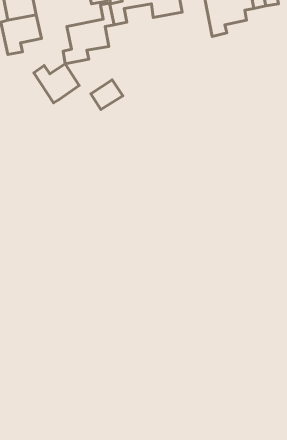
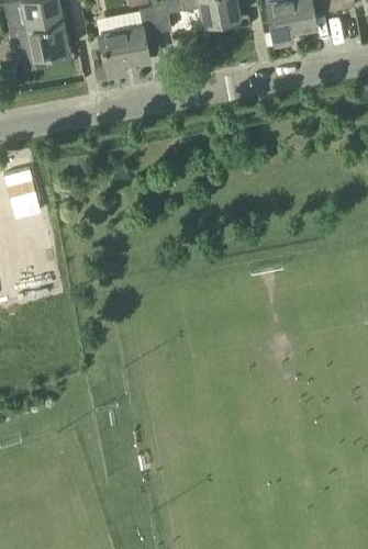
building: [34,64,79,103] -> none
building: [91,80,123,109] -> none

